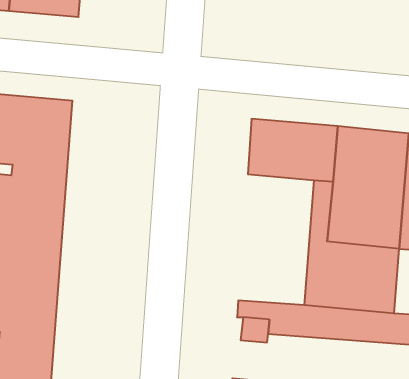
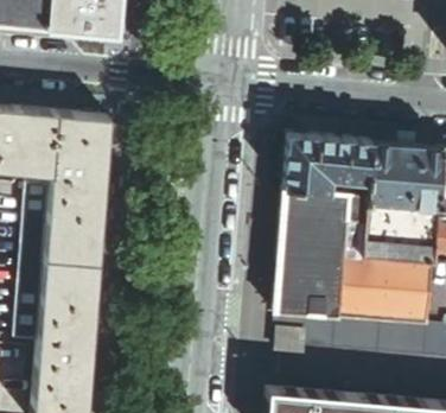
building: none -> [275,189,350,318]

